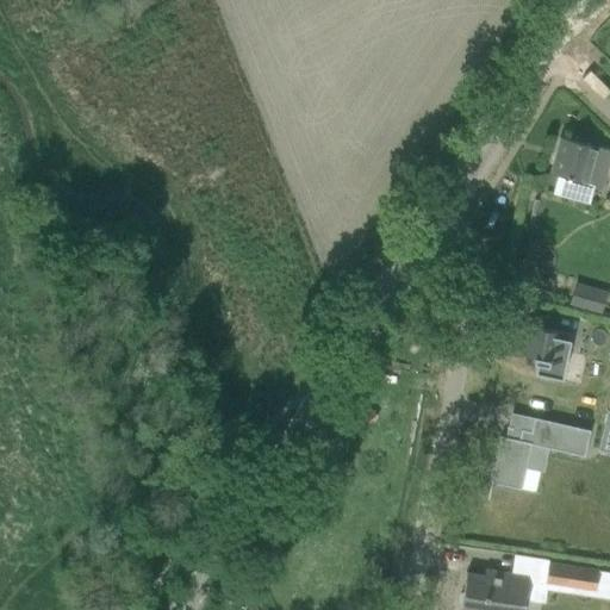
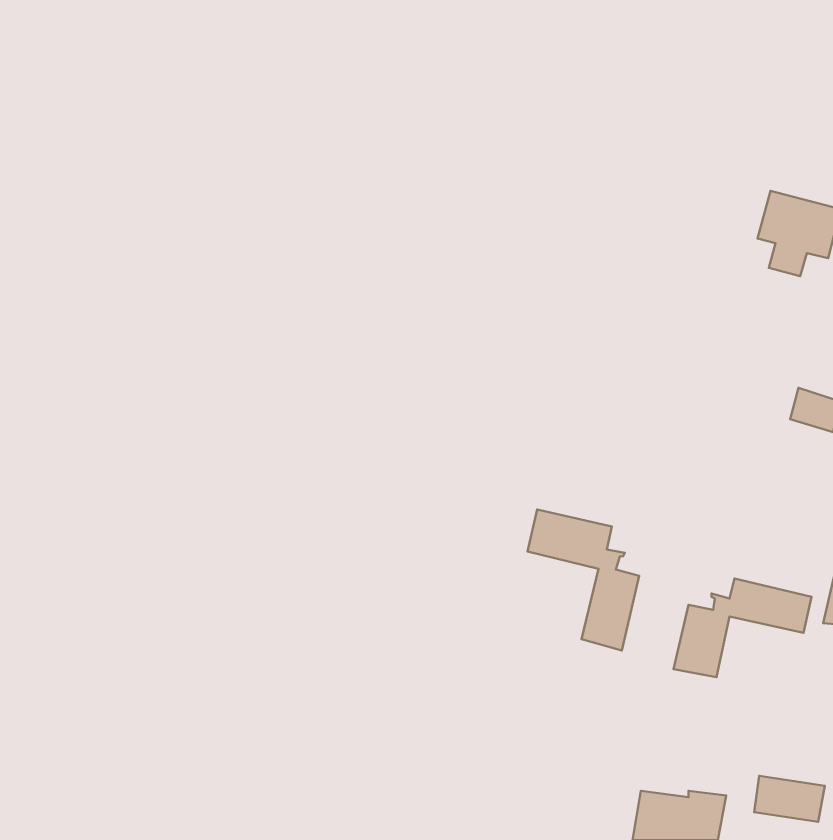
building: [519,324,573,379] -> none
building: none -> [527,509,639,651]

